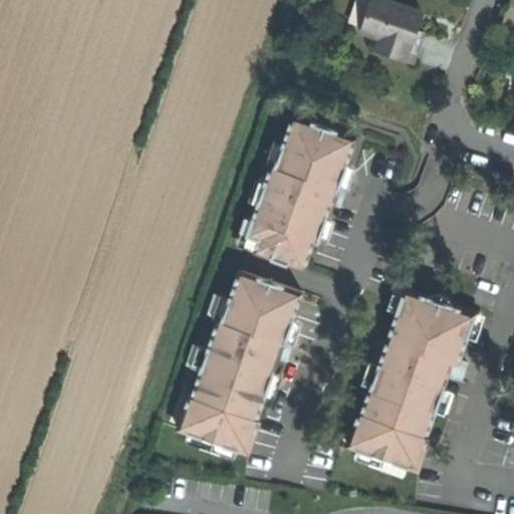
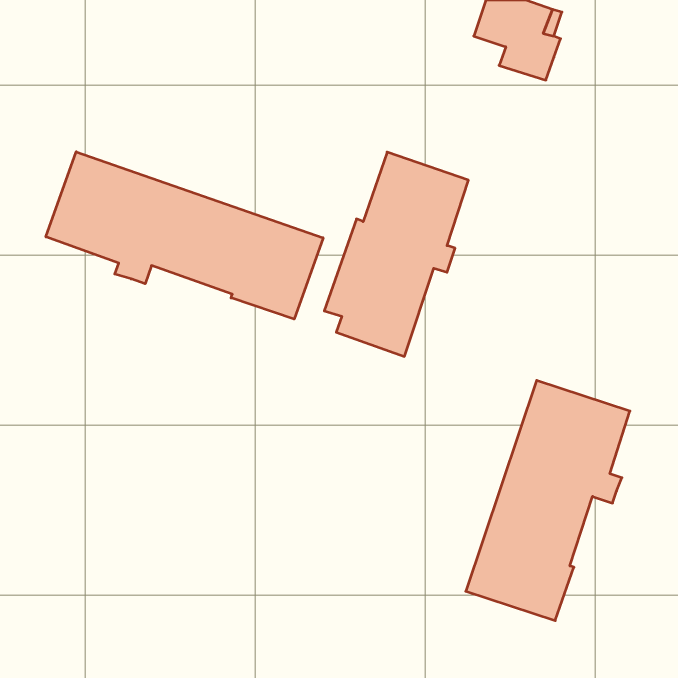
building: none -> [46,152,323,319]
building: [178,272,302,457] -> none

